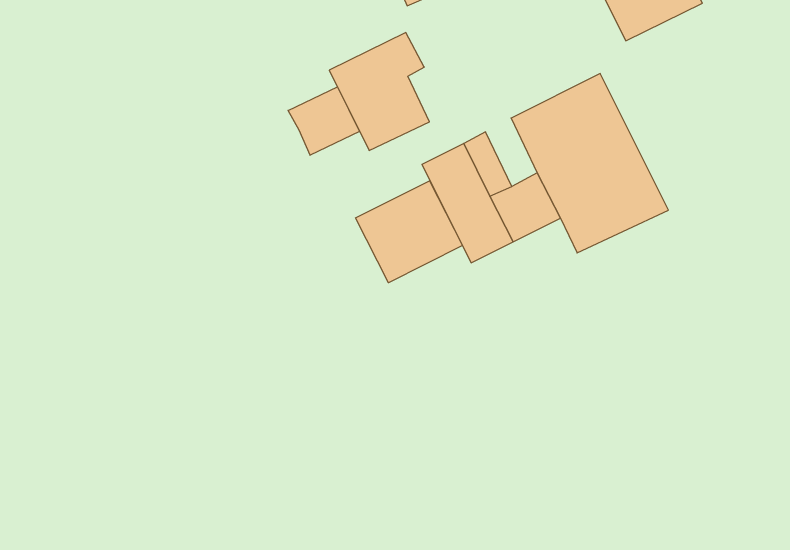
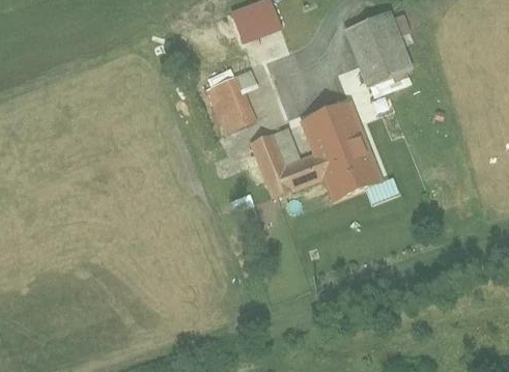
building: [288,87,360,155] -> none
building: [356,181,463,283] -> none

